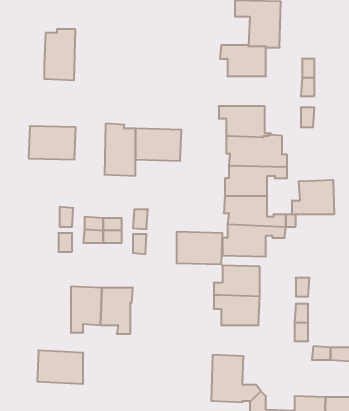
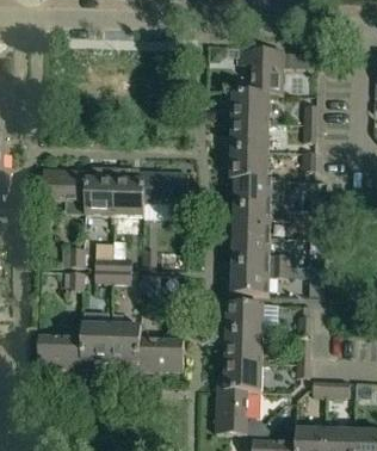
building: [44,29,75,80] -> [85,166,115,215]
building: none -> [223,121,268,149]
building: [292,180,334,214] -> none
building: [177,232,223,264] -> [138,338,183,369]
building: none -> [217,359,261,389]
building: [37,350,83,384] -> [37,334,81,366]

